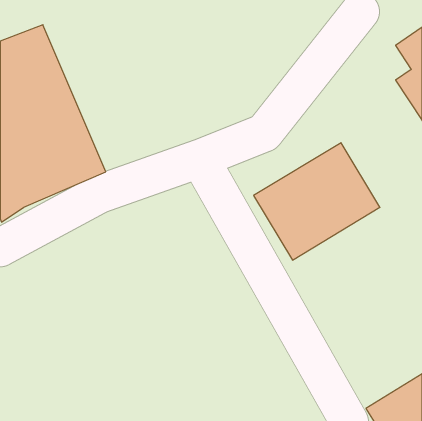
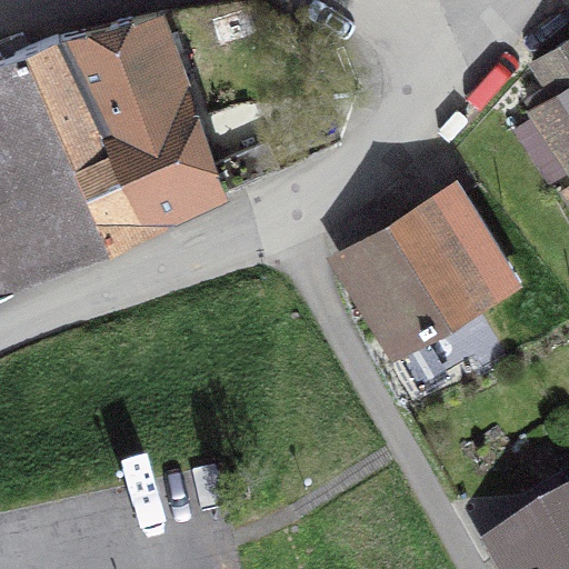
building: none -> [58,12,280,232]

